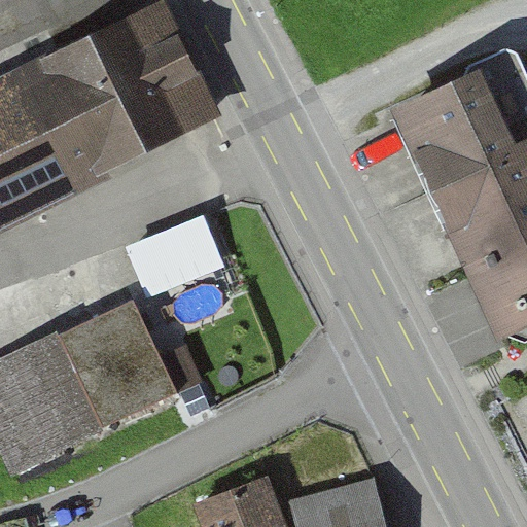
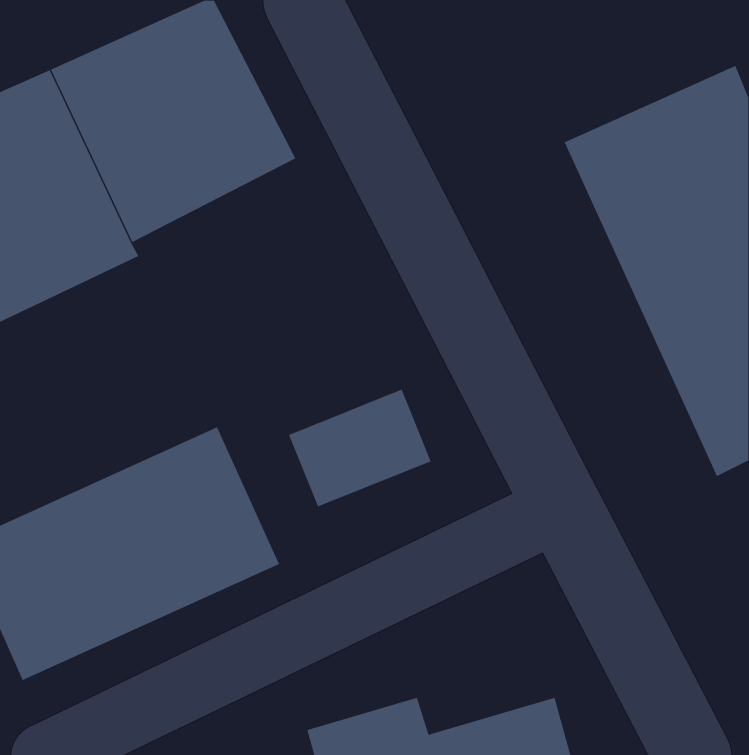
building: [126,217,225,300] -> [288,389,432,507]

